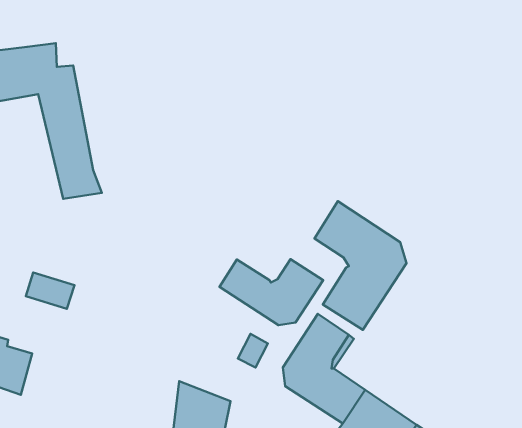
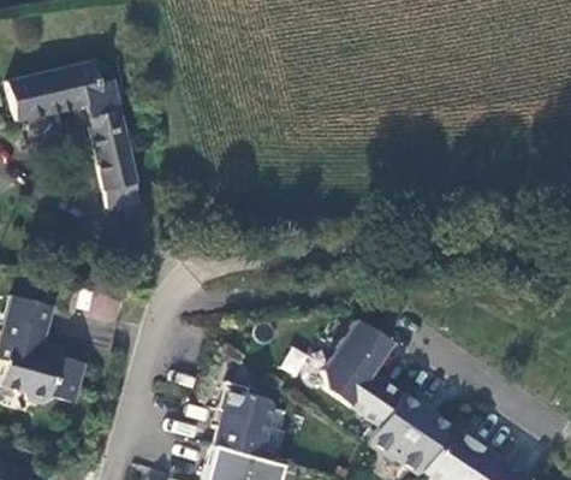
building: [314,201,406,330] -> none
building: [220,259,323,325] -> none

